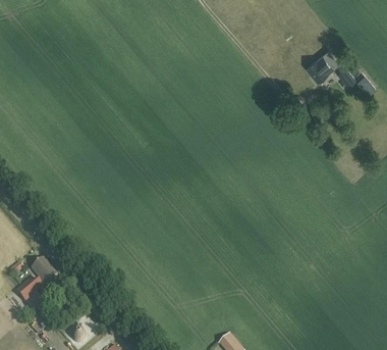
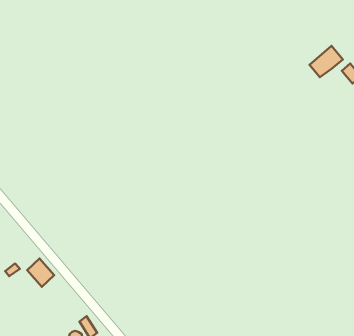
building: [15,280,44,311] -> none

